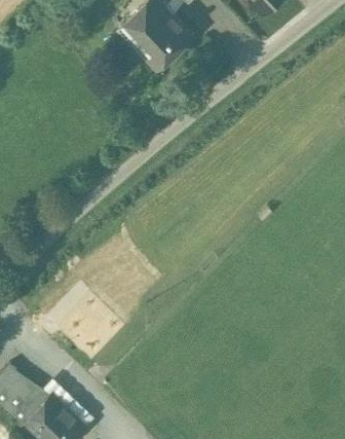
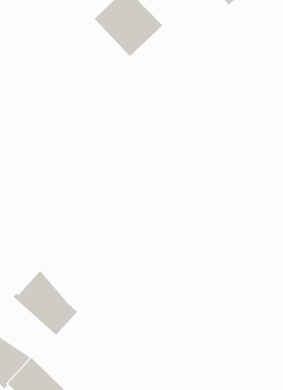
building: none -> [13,270,78,335]

